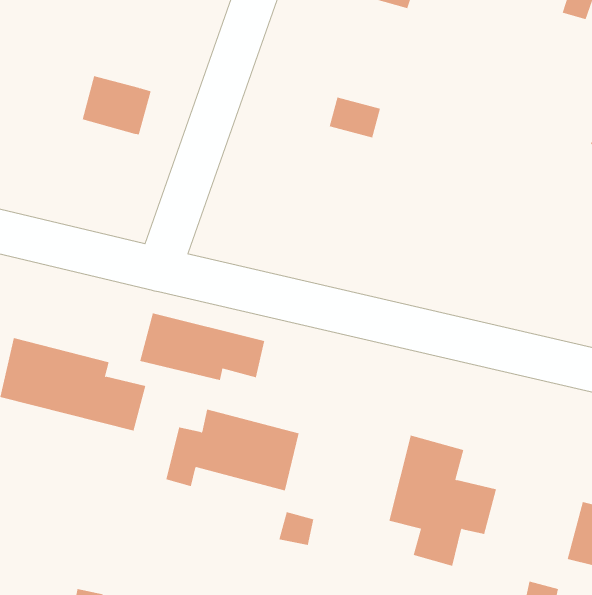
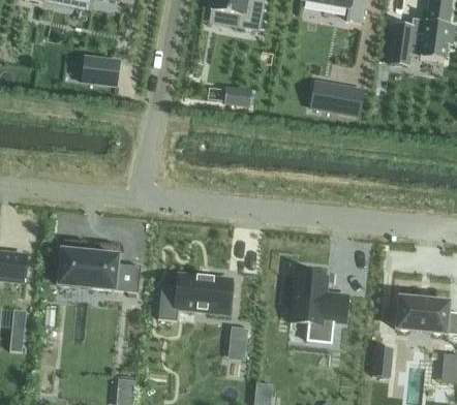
building: [82,76,151,135] -> [82,56,119,86]
building: none -> [309,83,363,115]
building: [140,313,265,381] -> none

